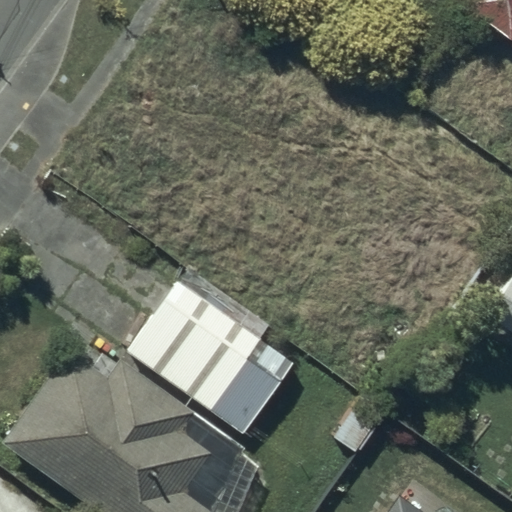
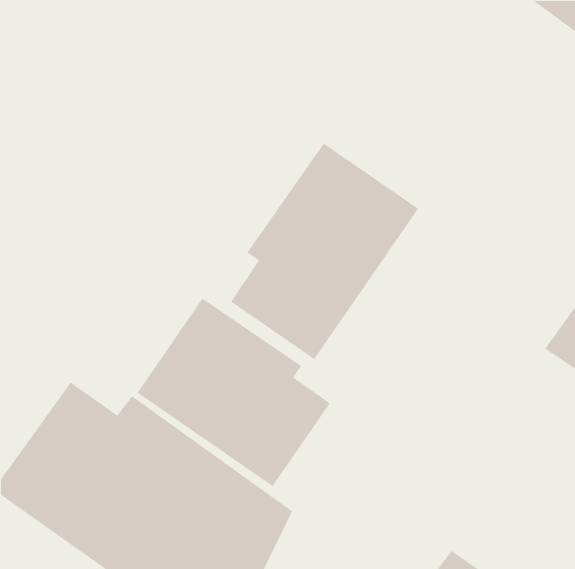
building: none -> [230,142,419,360]

